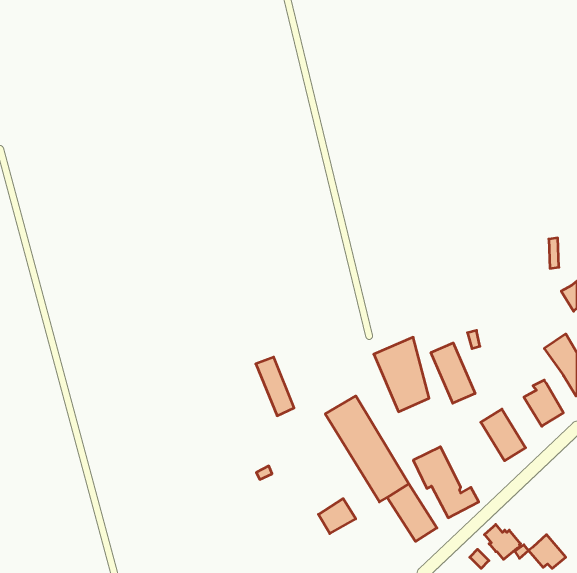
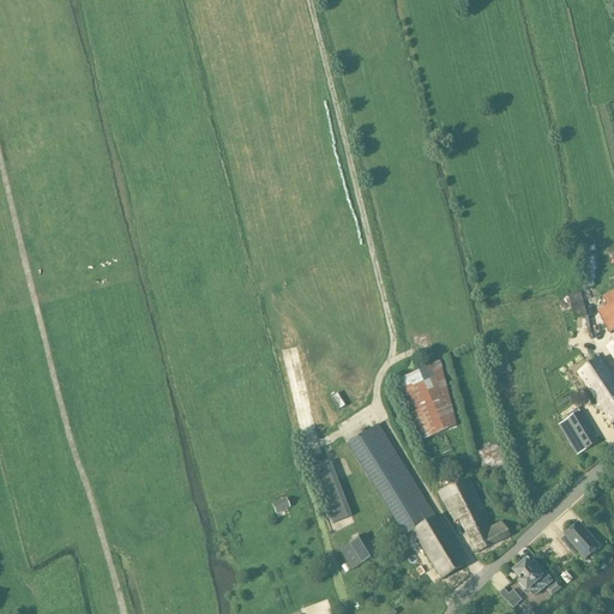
building: [431,343,475,403] -> none
building: [256,357,294,416] -> [311,459,351,522]
building: [481,409,526,461] -> none
building: [528,535,566,568] -> [560,519,600,555]

